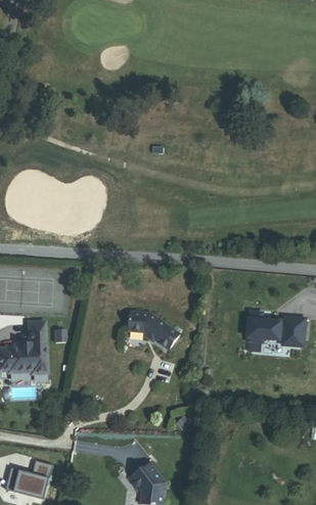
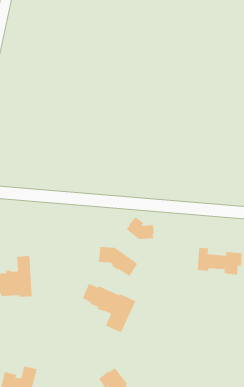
building: none -> [126,217,154,240]
building: none -> [82,283,136,333]

